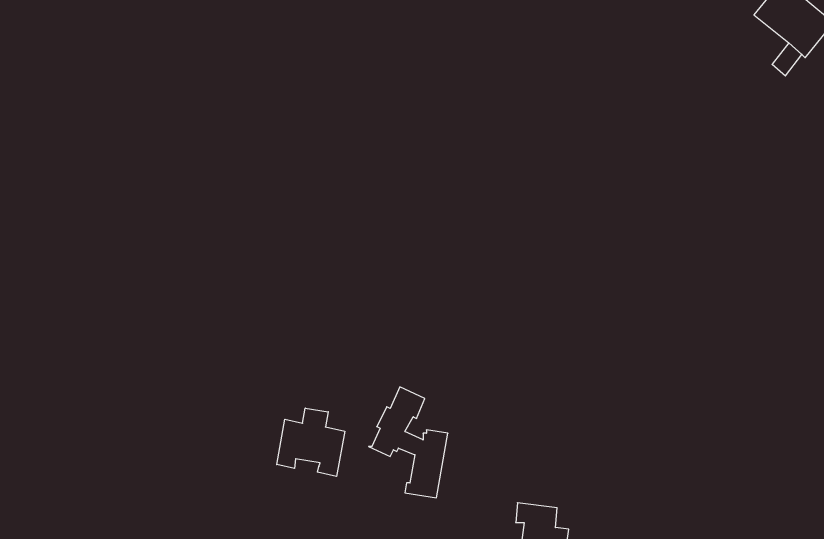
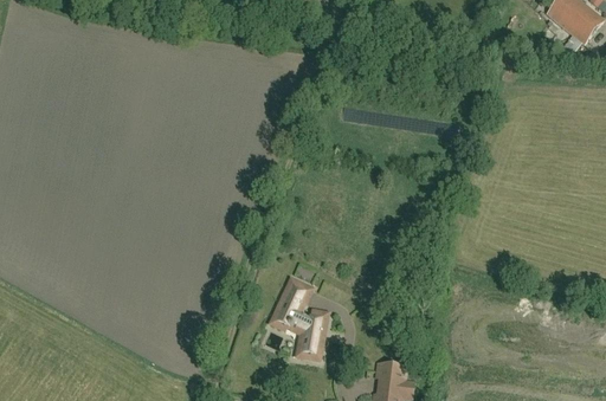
building: [277,408,345,476] -> none

